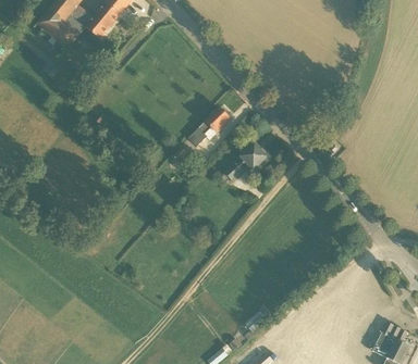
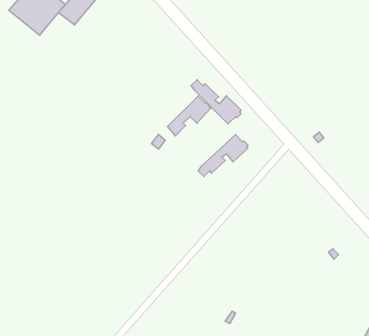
building: none -> [191,80,241,124]

